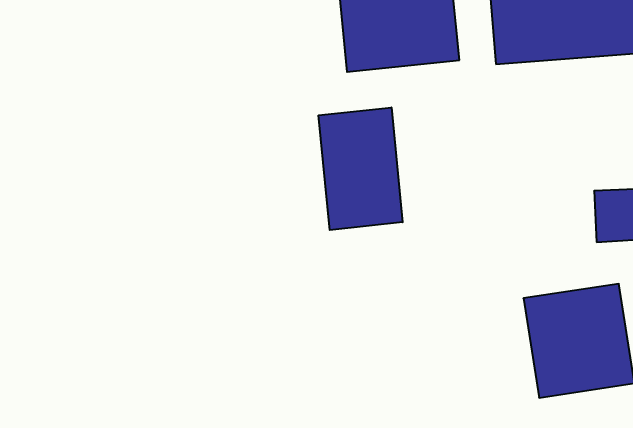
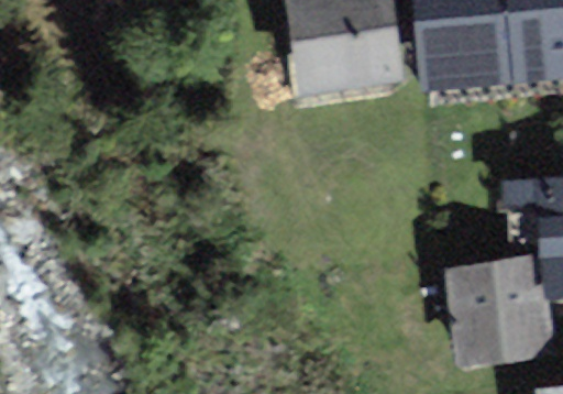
building: [319,107,403,230] -> none

